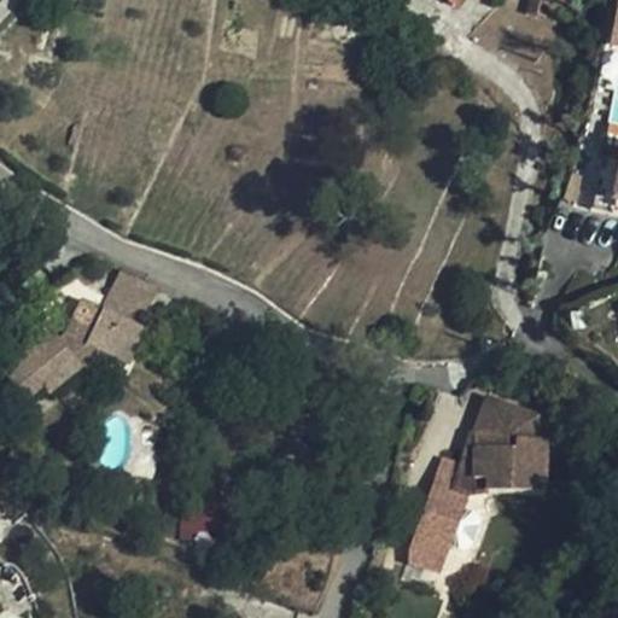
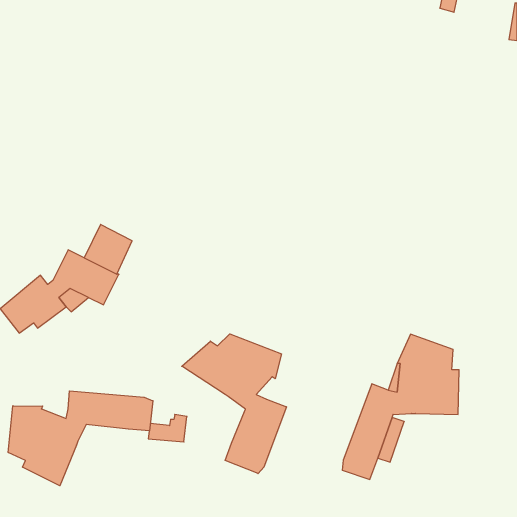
building: none -> [182,334,286,474]
building: none -> [8,391,153,486]

